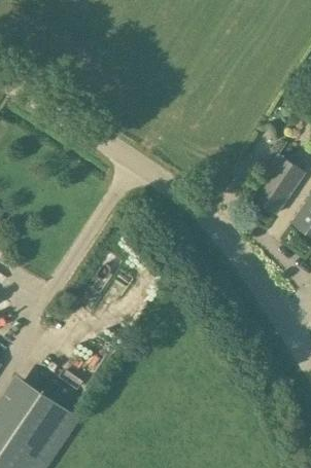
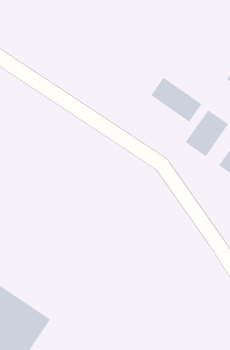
building: none -> [150,77,202,123]

